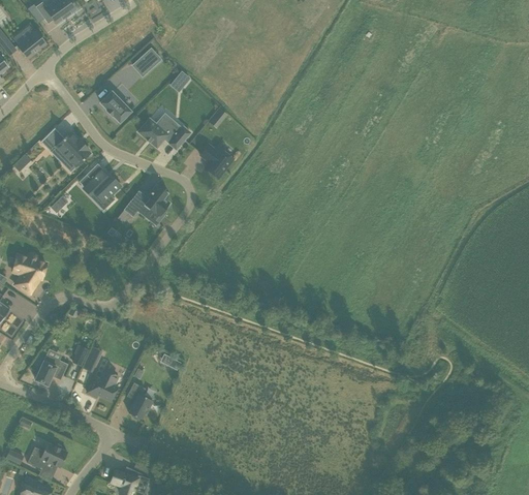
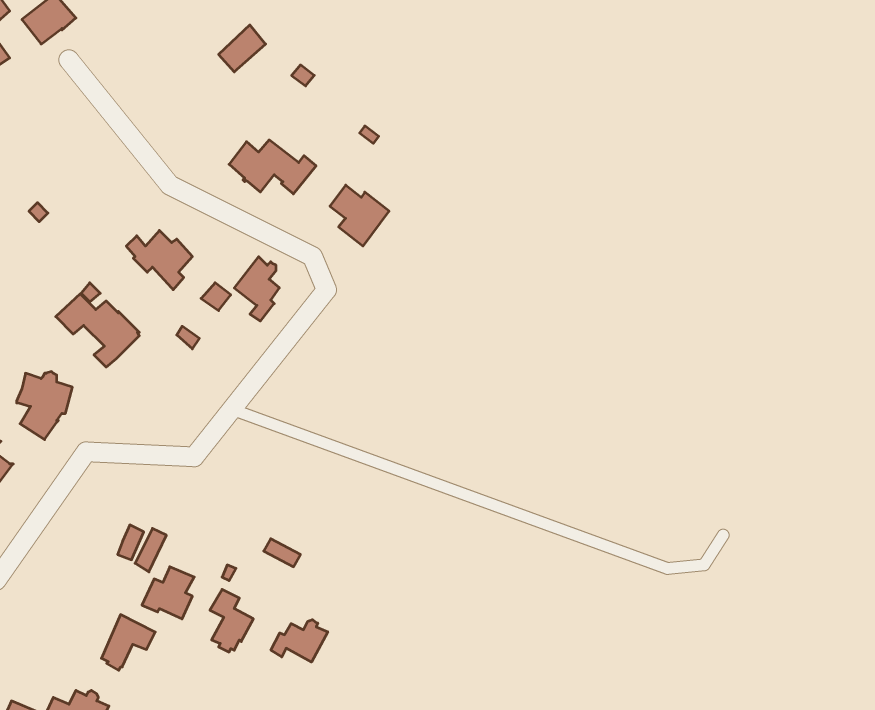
building: [99,92,129,123] -> none
building: [39,127,89,171] -> [56,294,139,367]
building: [35,353,67,386] -> [101,615,155,670]
building: none -> [271,620,328,662]

